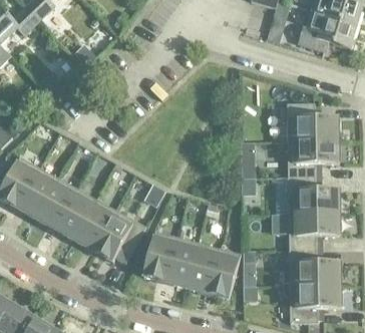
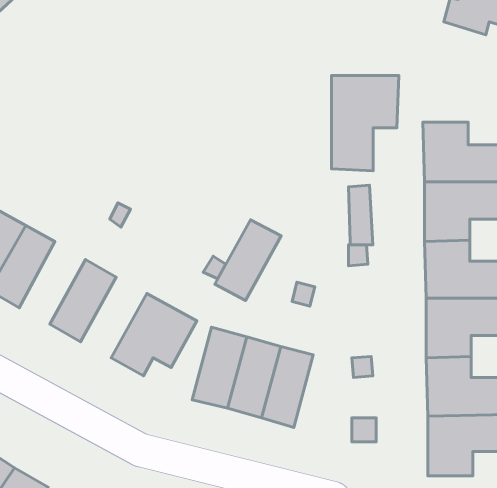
building: none -> [331,76,399,171]
building: [36,179,77,230] -> none
building: [74,201,115,251] -> [215,220,281,300]
building: [207,249,241,300] -> none

